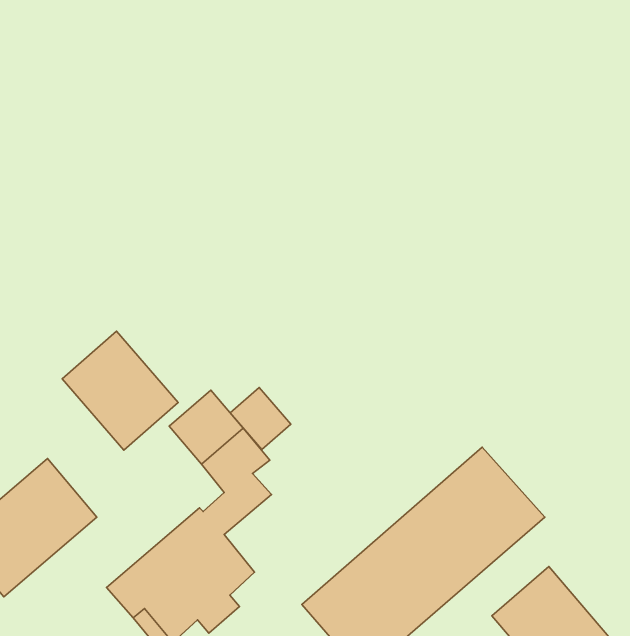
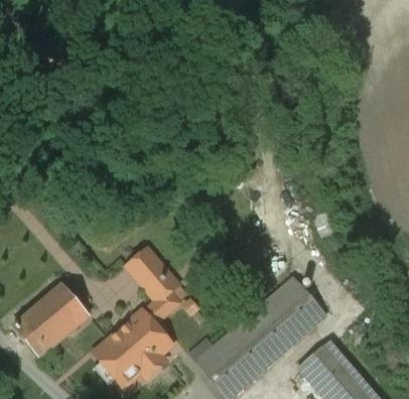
building: [62,331,178,450] -> none
building: [230,388,291,450] -> none

